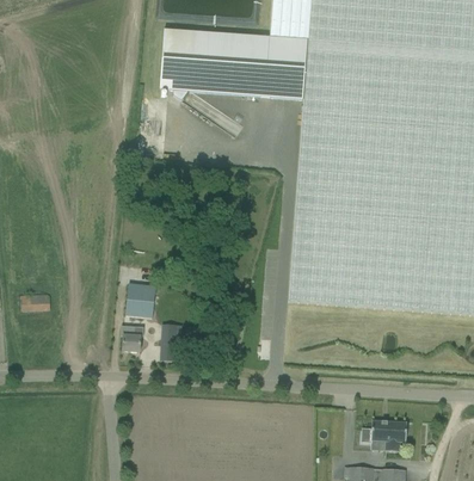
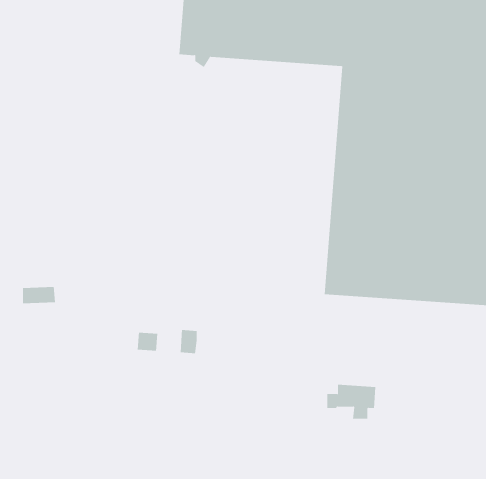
building: [125,282,156,322] -> none
building: [363,419,407,450] -> [326,384,376,419]

